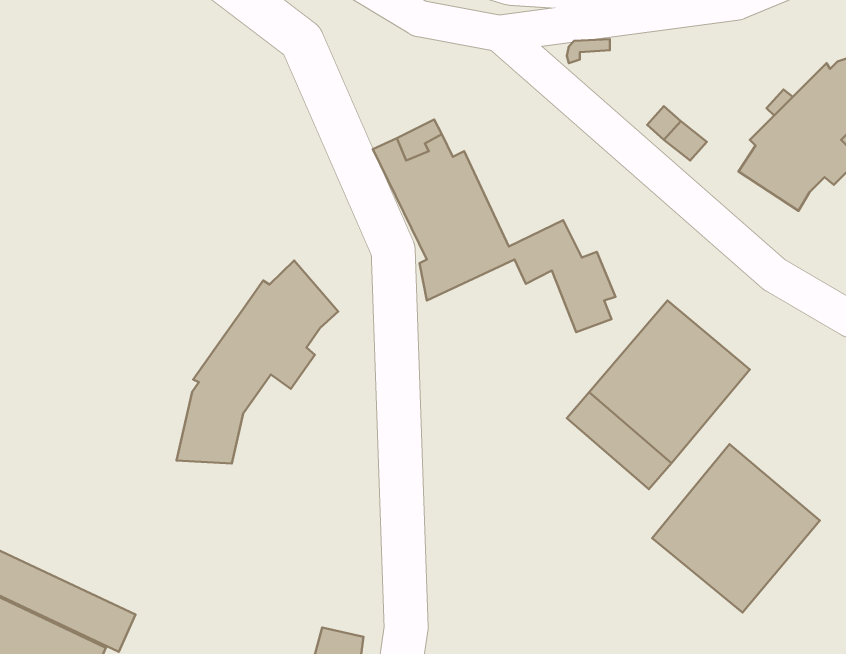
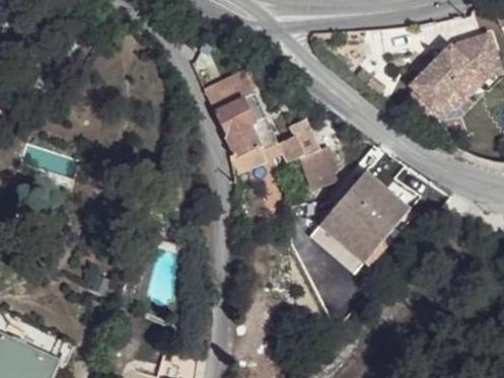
building: [177,260,338,464] -> none
building: [652,444,820,612] -> none

